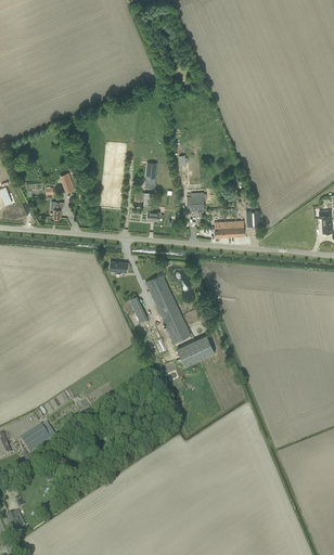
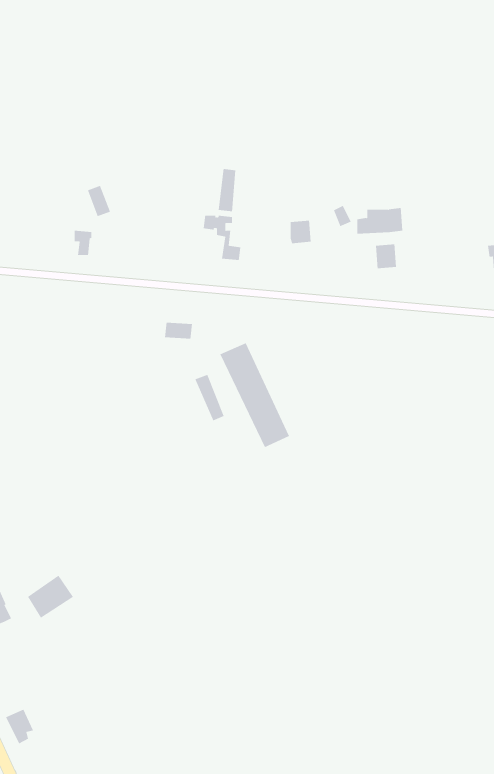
building: [214,220,244,237] -> [356,208,403,234]
building: [176,336,214,366] -> none

